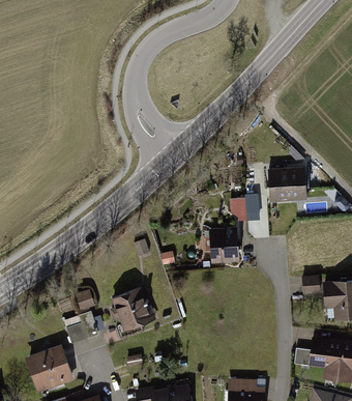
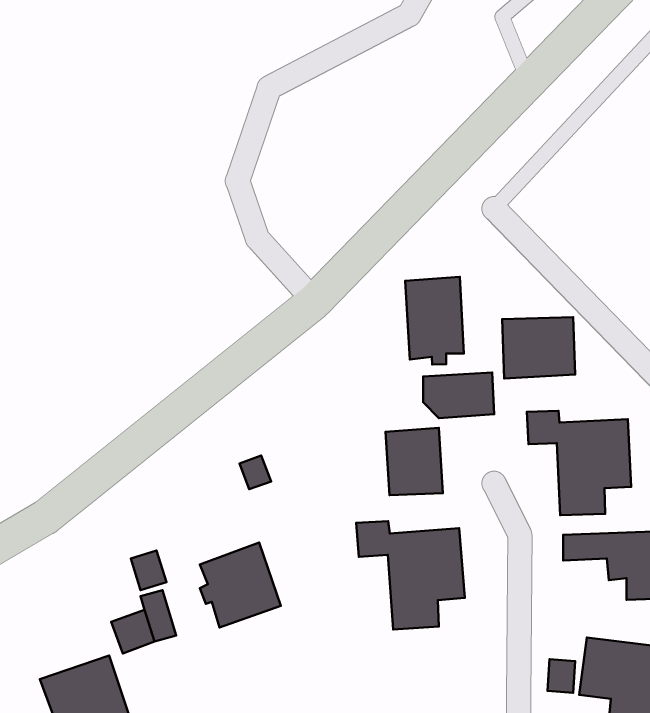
building: none -> [405,277,464,364]
building: none -> [527,411,631,515]
building: none -> [356,521,465,629]

